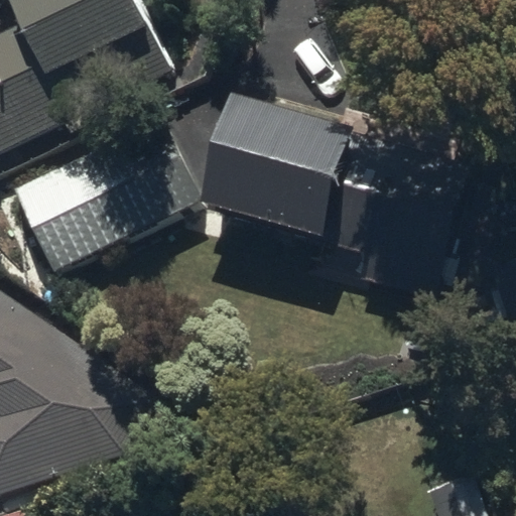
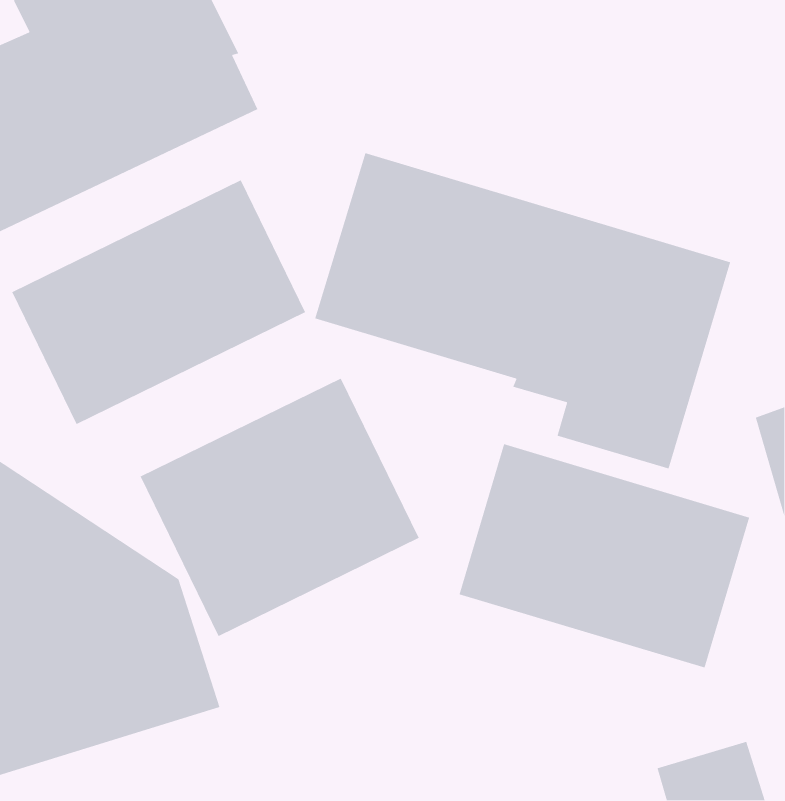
building: none -> [139,378,420,637]
building: none -> [459,443,750,668]

